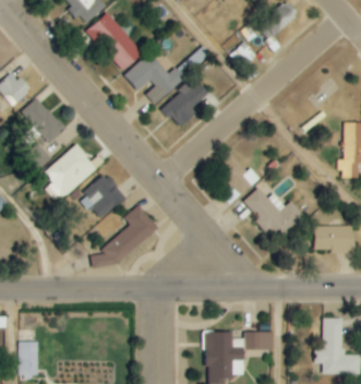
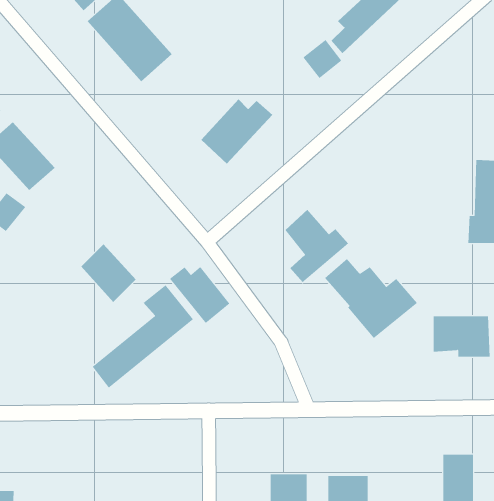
building: [124,52,184,105] -> none
building: [40,144,96,197] -> none
building: none -> [169,266,230,324]

